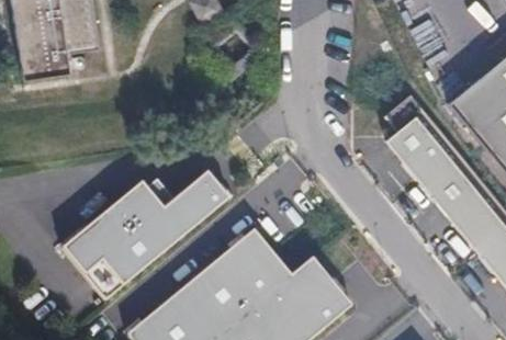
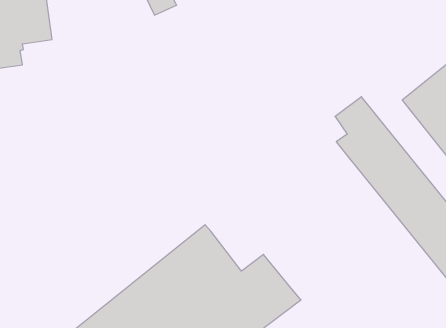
building: [61,169,229,295] -> none

